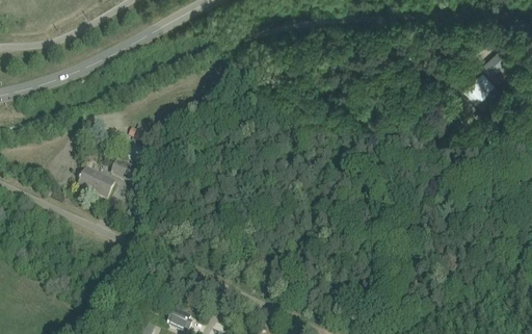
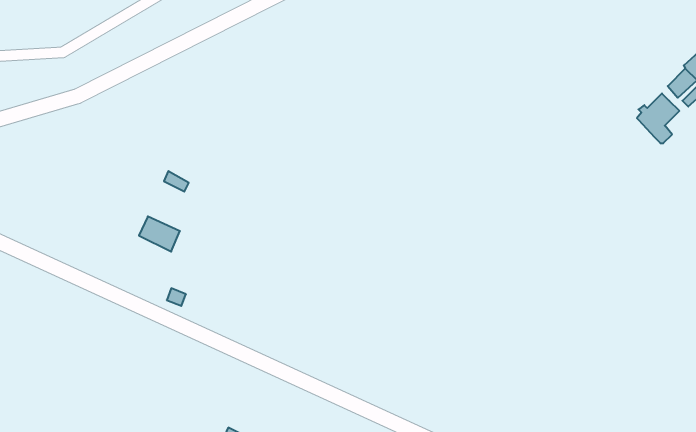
building: [79,165,115,196] -> none

